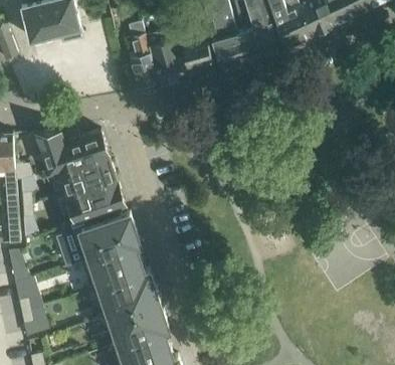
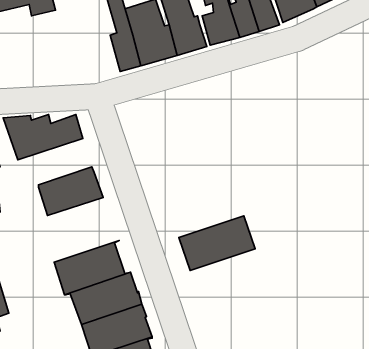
building: [49,151,115,192] -> none
building: [71,212,139,260] -> [179,216,255,270]

